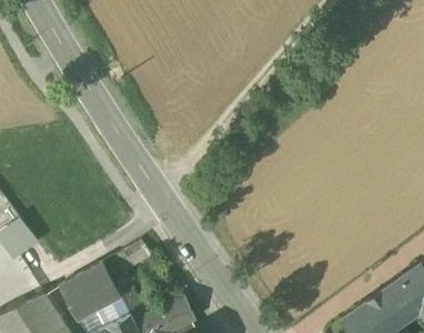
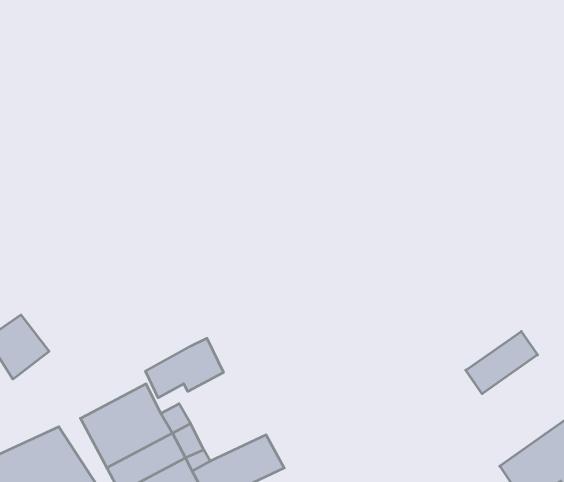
building: none -> [466,331,538,394]
building: none -> [146,338,223,398]

